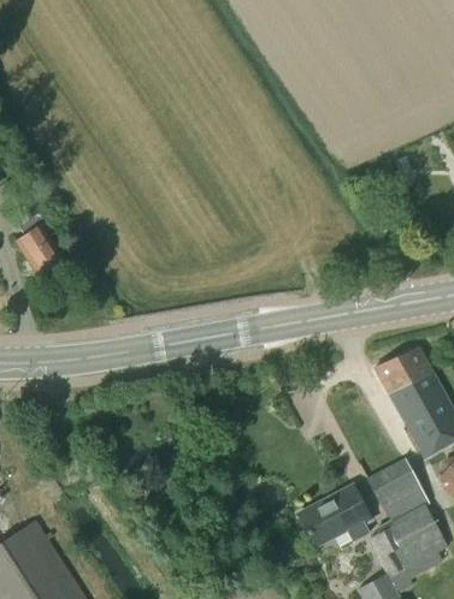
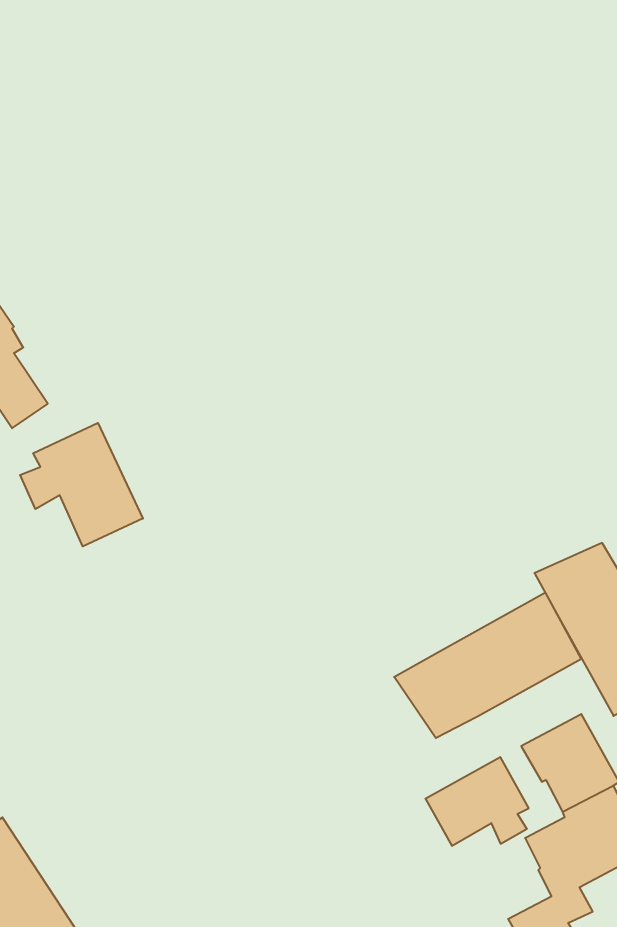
building: none -> [20,423,143,546]
building: none -> [394,593,581,738]

